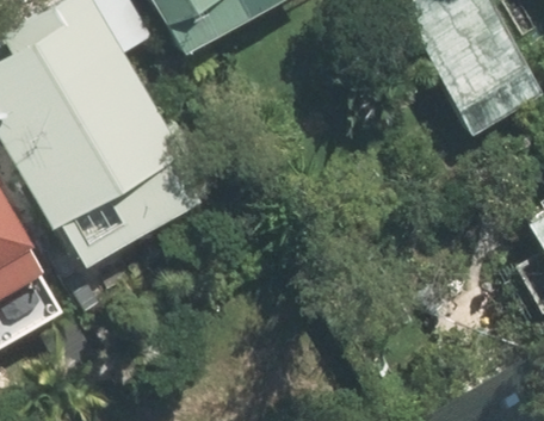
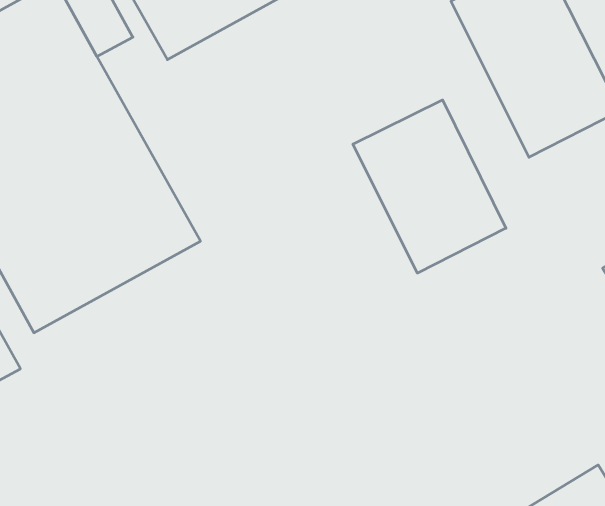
building: none -> [353,100,506,273]

